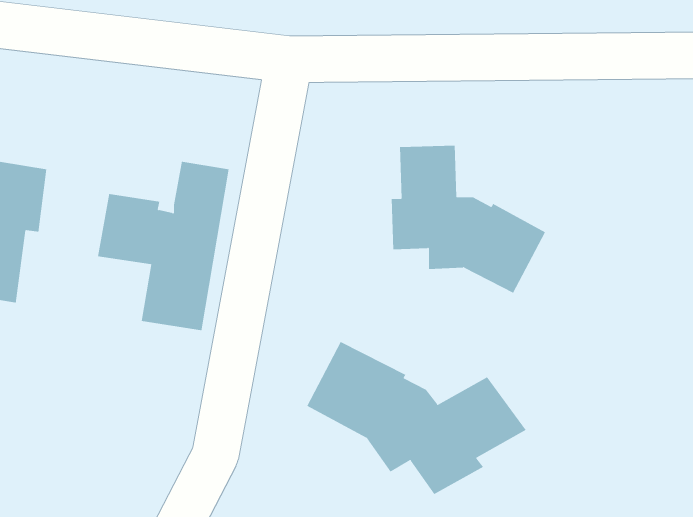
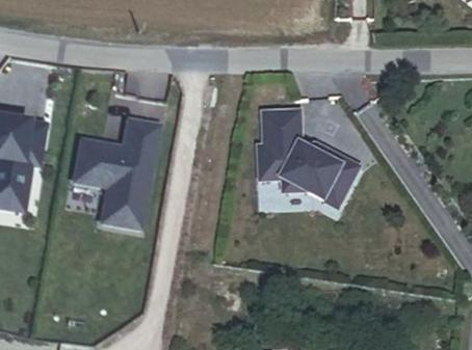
building: [306,341,526,495] -> none

